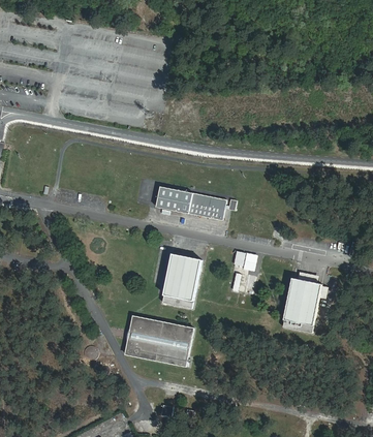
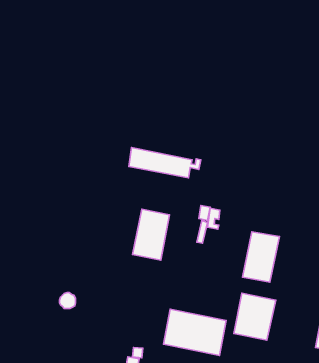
building: [126,315,194,366] -> [164,309,226,356]
building: none -> [234,293,276,340]

